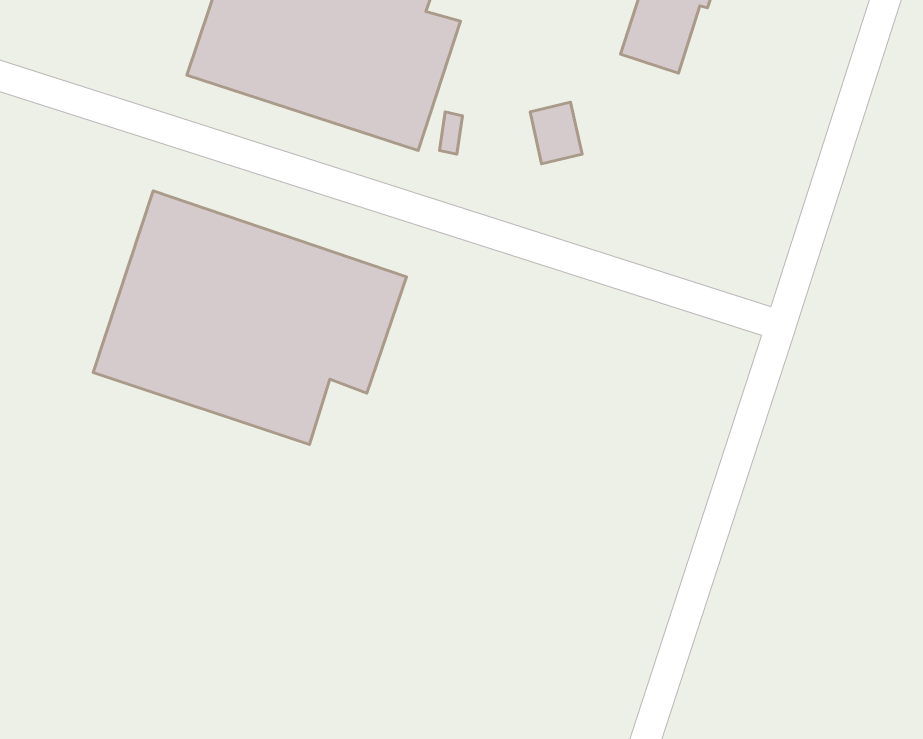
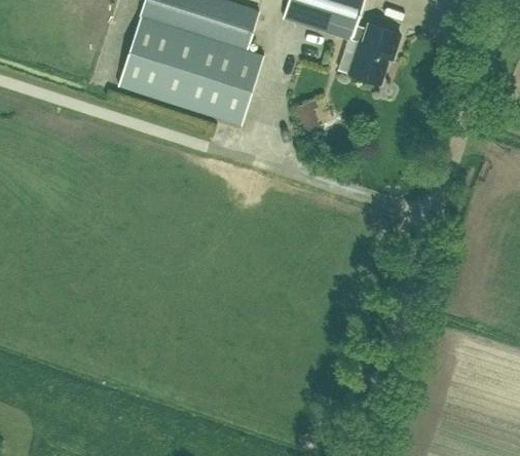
building: [93,191,406,445] -> none

